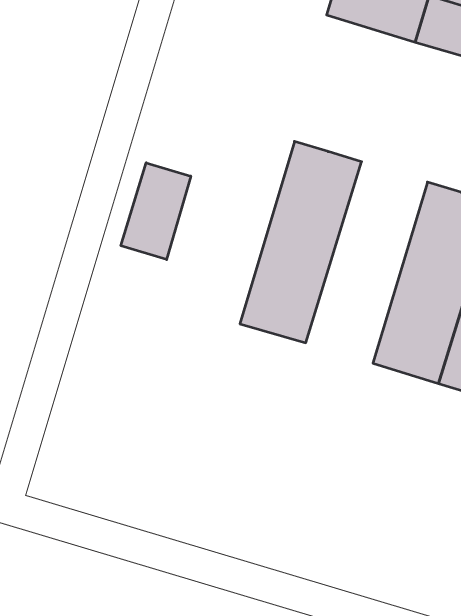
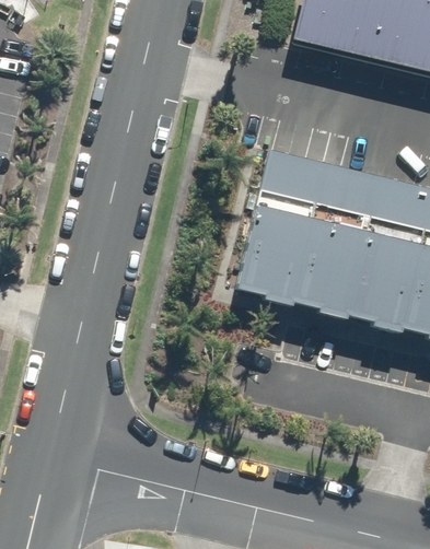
building: none -> [291,156,381,317]
building: [121,163,191,260] -> none

